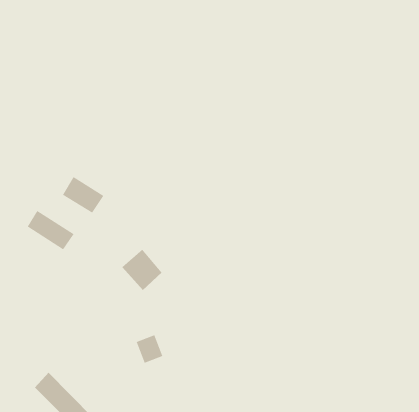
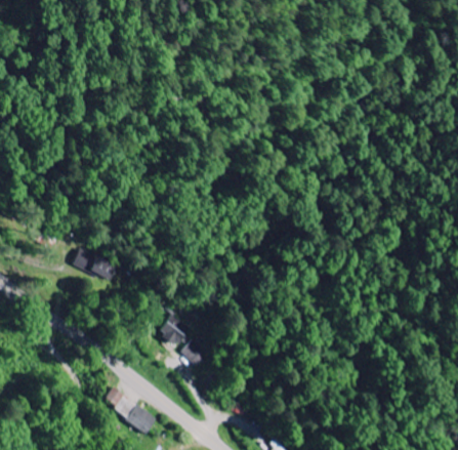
building: [62,176,104,214] -> none
building: [122,249,162,291] -> [157,312,193,347]

